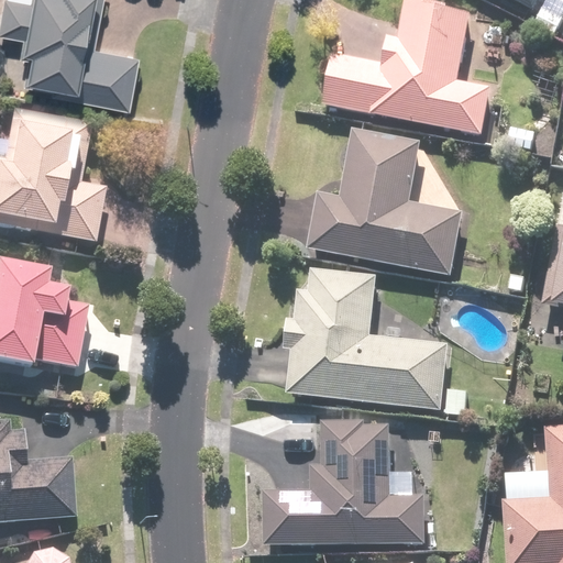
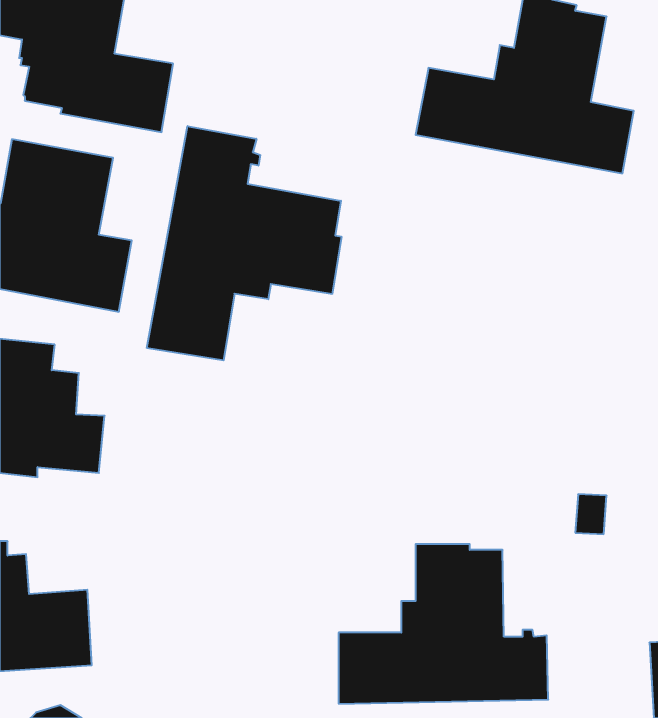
building: none -> [147,126,341,360]
building: [307,130,463,276] -> none
building: [284,269,448,409] -> none

